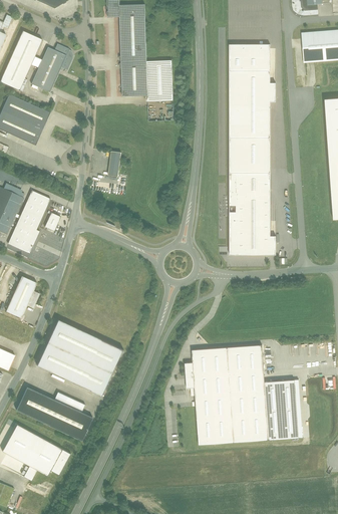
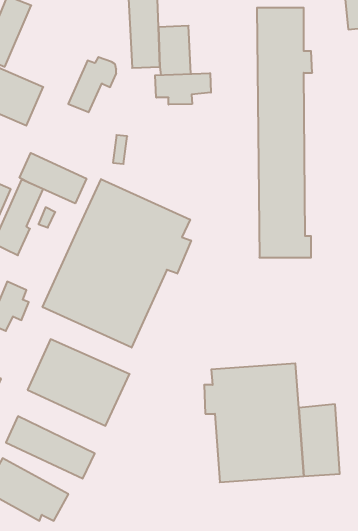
building: [32,44,72,90] -> [68,57,116,112]
building: none -> [155,73,211,105]
building: none -> [20,153,86,203]
building: none -> [43,179,191,348]

